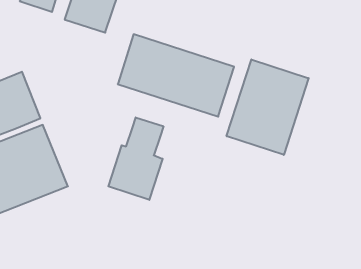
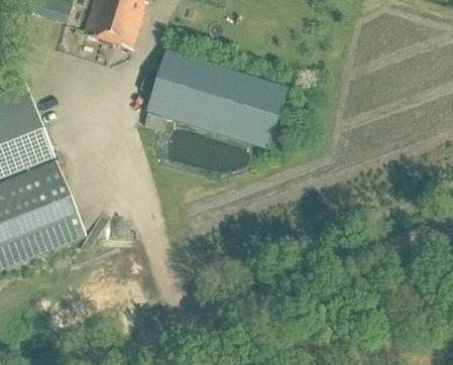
building: [227,59,309,155] -> none
building: [108,117,163,200] -> none

